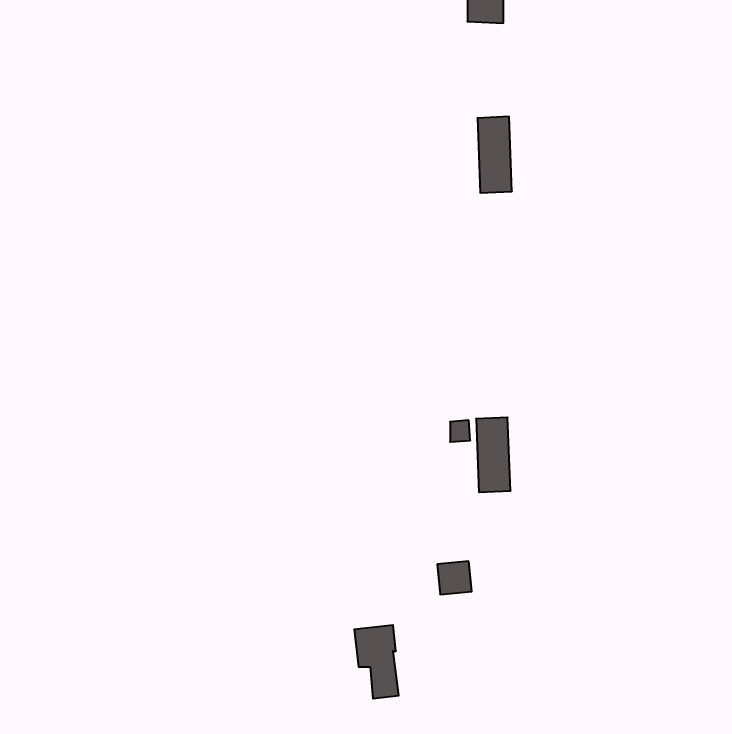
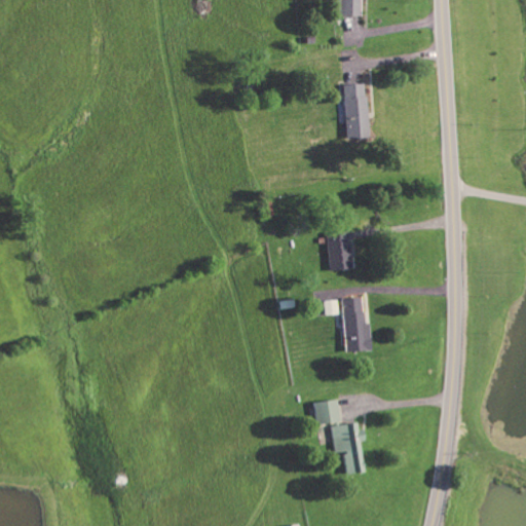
building: none -> [327,231,350,270]
building: [354,625,399,699] -> [332,422,364,475]

